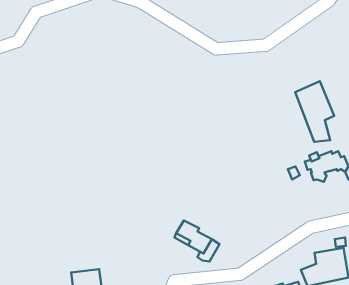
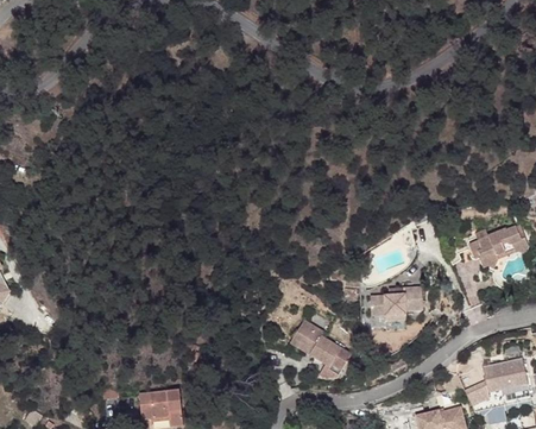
building: [295,81,334,142] -> none
building: none -> [367,288,420,316]

